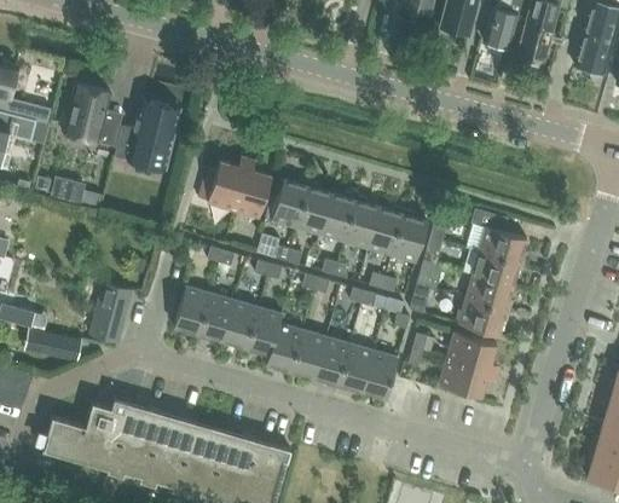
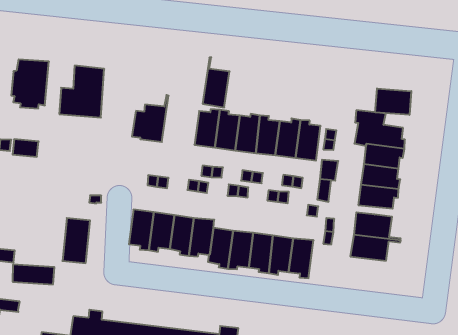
building: [233,155,272,218] -> [203,57,230,107]
building: none -> [375,88,411,115]

